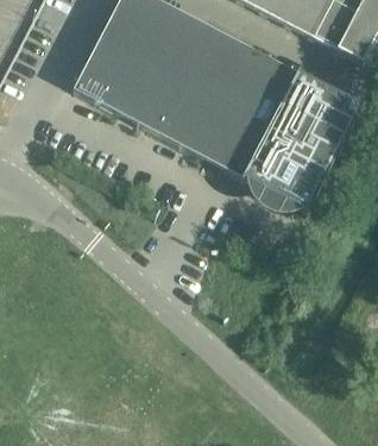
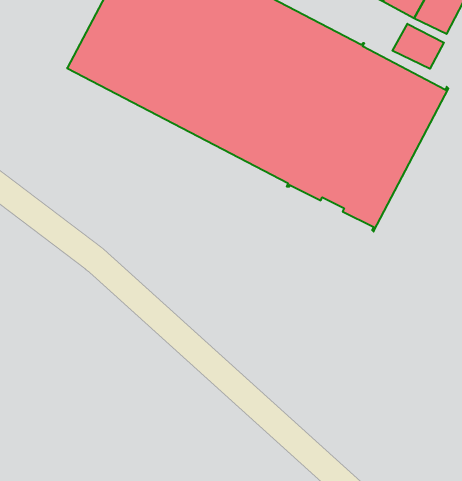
building: none -> [392,24,444,69]

